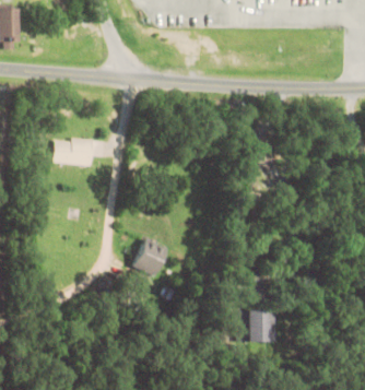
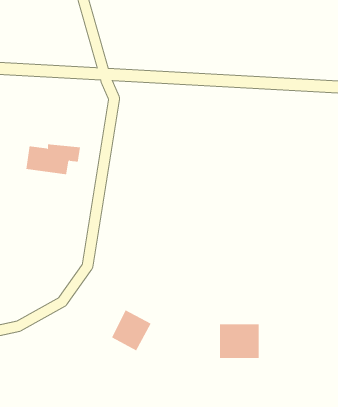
building: [132,237,170,276] -> [111,310,152,351]

